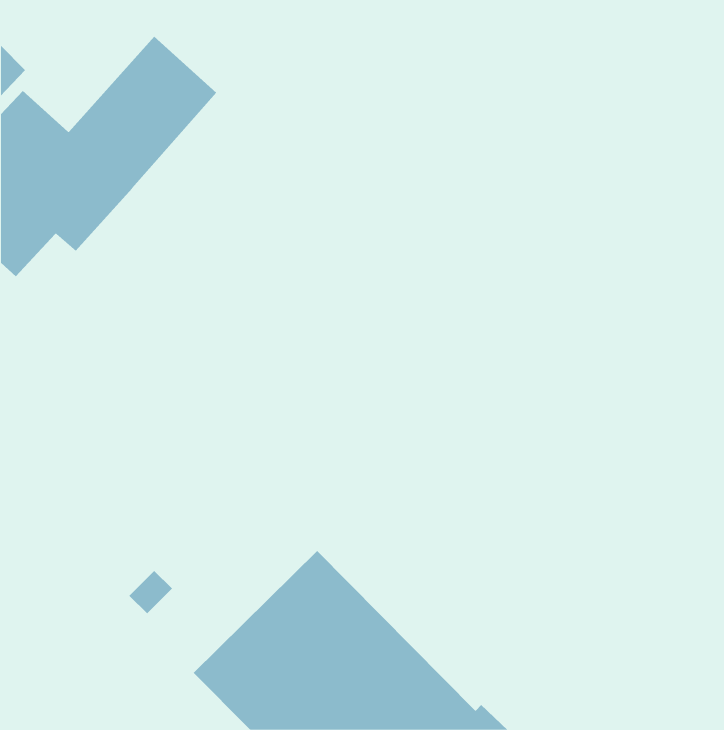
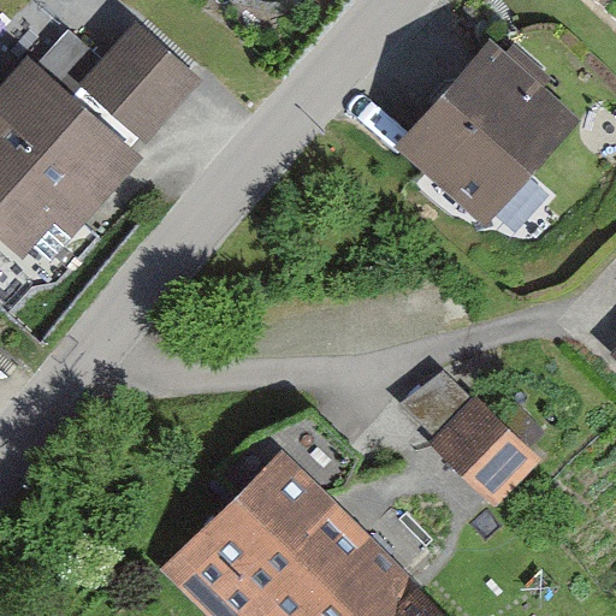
building: none -> [405,52,562,211]
building: none -> [405,371,546,508]

